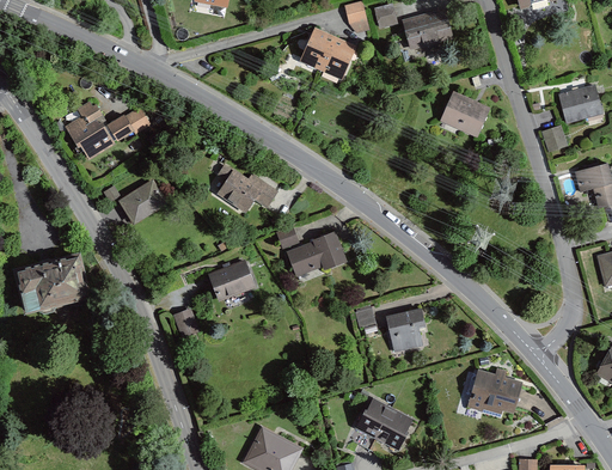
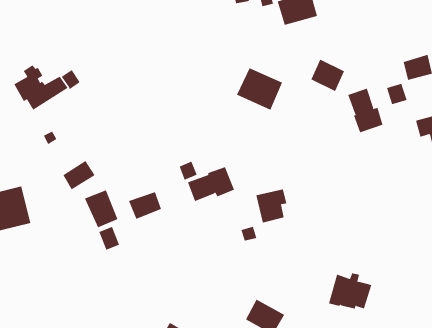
building: [299,26,359,81] -> [236,68,283,111]
building: none -> [347,88,383,133]
building: [221,172,275,209] -> none
building: [122,183,164,221] -> [63,160,95,190]
building: none -> [84,190,118,228]
building: [385,307,426,352] -> [256,189,287,223]

